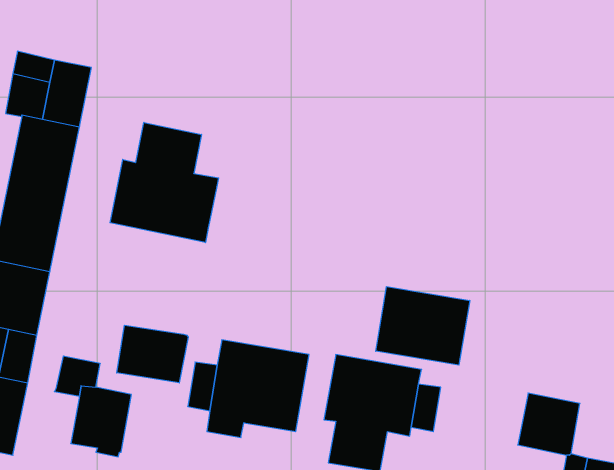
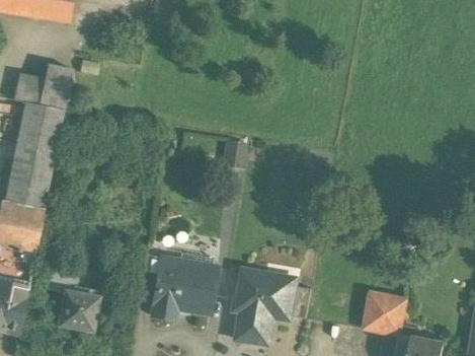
building: [110,122,219,243] -> none
building: none -> [222,140,248,168]
building: [376,287,470,365] -> none
building: [117,325,188,383] -> none

